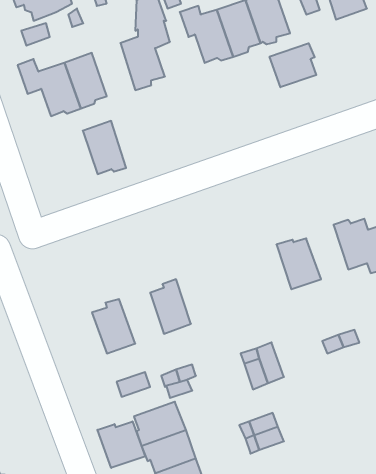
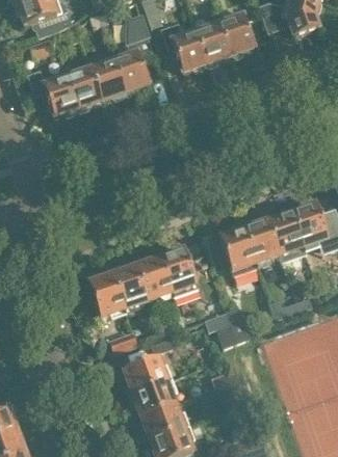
building: [270,43,316,87] -> none
building: [83,121,126,174] -> [88,56,125,101]
building: none -> [268,209,306,266]
building: none -> [213,225,256,271]
building: none -> [159,249,197,292]
building: none -> [111,266,149,308]
building: [97,421,145,468] -> none

